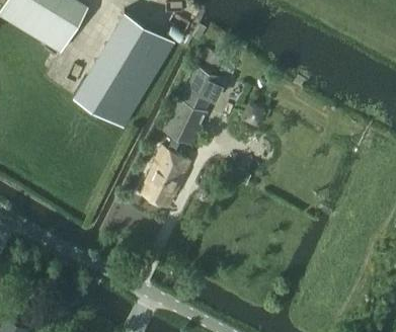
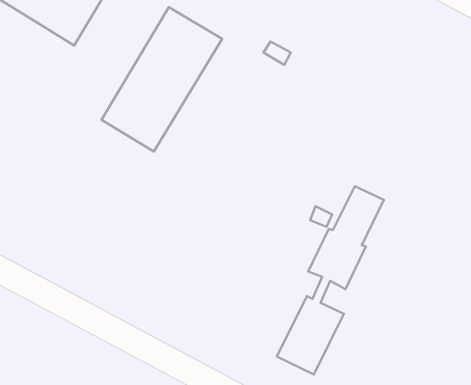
building: [141,68,220,206] -> [277,186,384,374]

